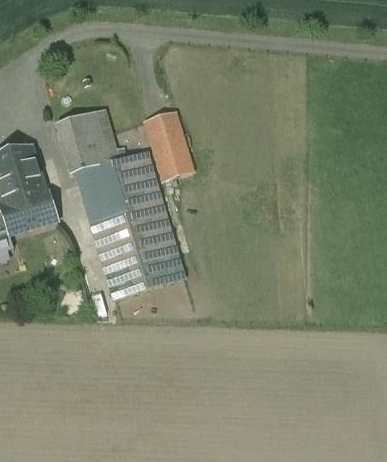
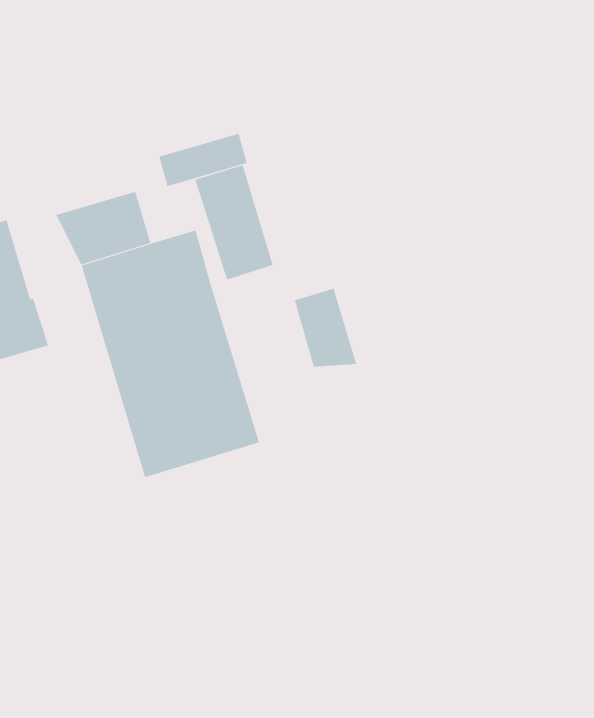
building: [56,108,109,140] -> [159,133,247,187]
building: none -> [294,288,357,367]

